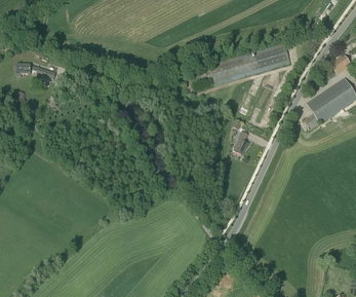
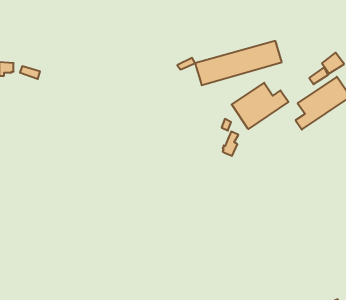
building: none -> [232,83,288,129]

